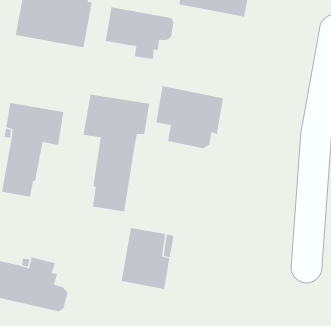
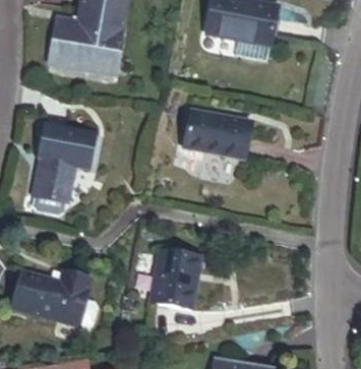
building: [105,6,174,60] -> none
building: [83,94,150,212] -> none

